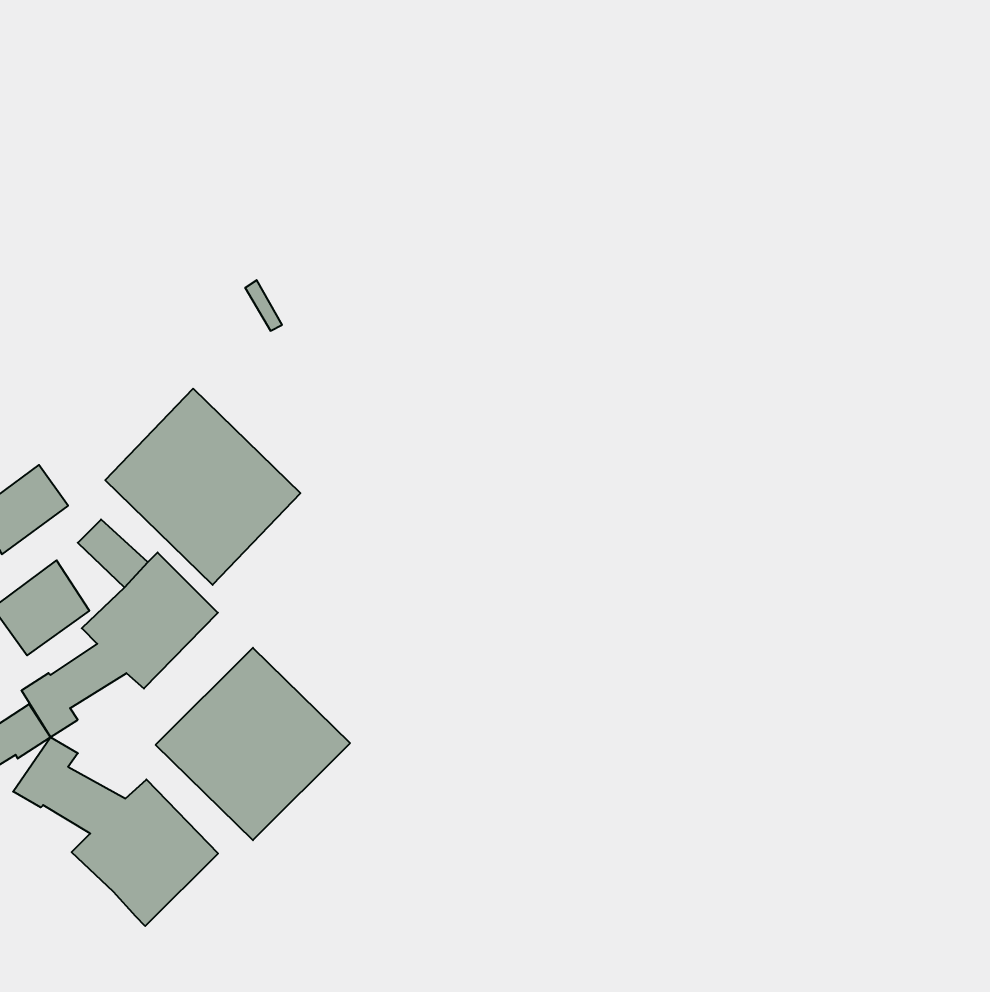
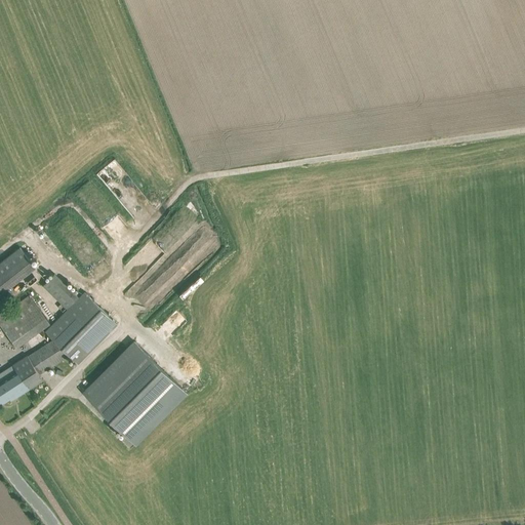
building: [105,389,300,585] -> none
building: [13,737,218,926] -> none

